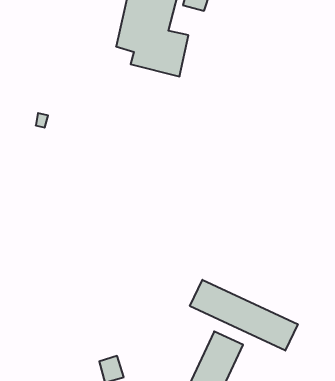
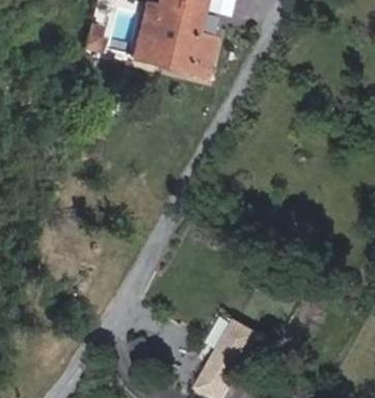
building: [190,280,298,351] -> none

